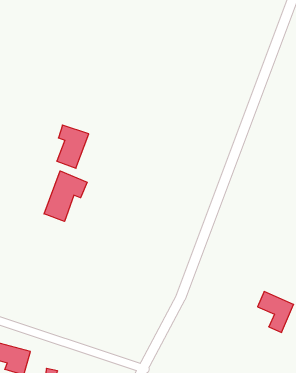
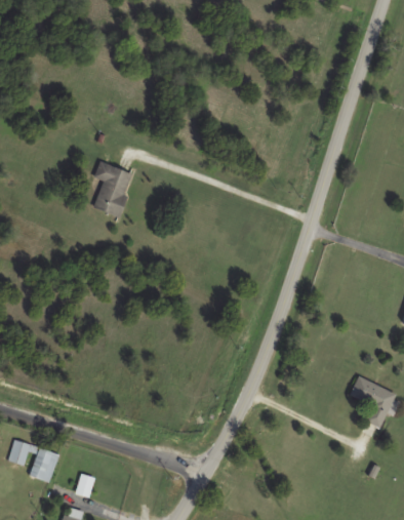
building: [44,171,87,221] -> none

